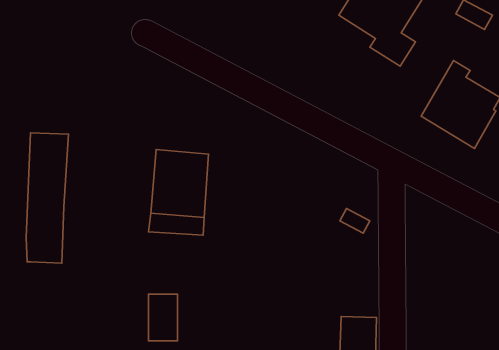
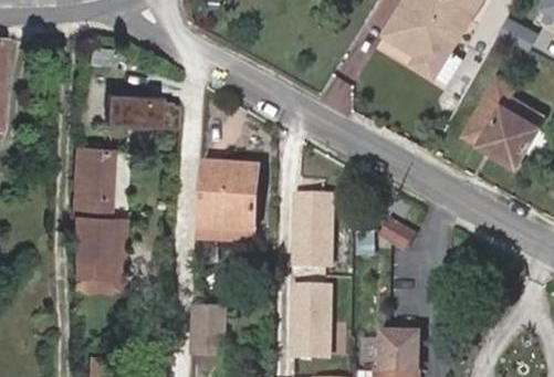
building: none -> [105,94,179,129]
building: none -> [292,187,336,265]
building: none -> [75,222,125,293]
building: none -> [291,279,335,357]

